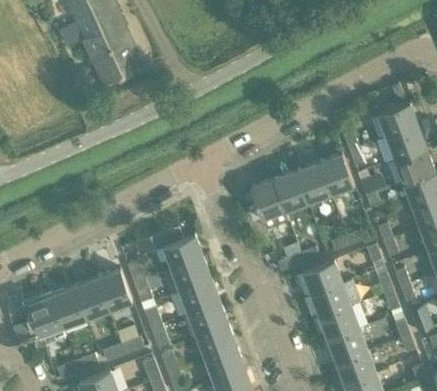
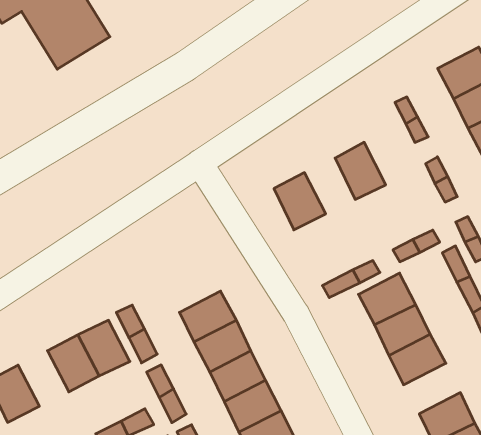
building: [318,155,353,195] -> none
building: [272,172,307,211] -> none
building: [147,226,203,271] -> none
building: [51,288,86,327] -> none
building: [327,328,367,363] -> none

